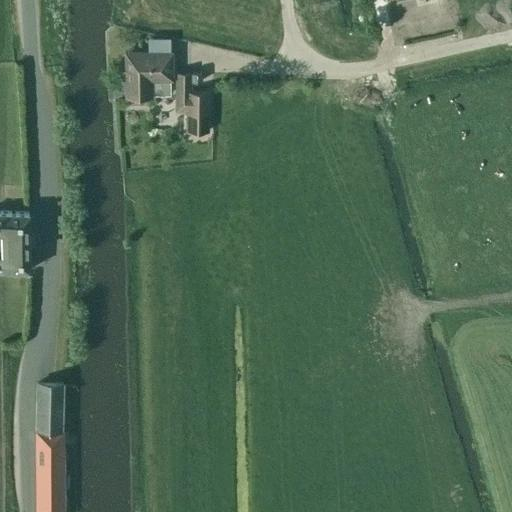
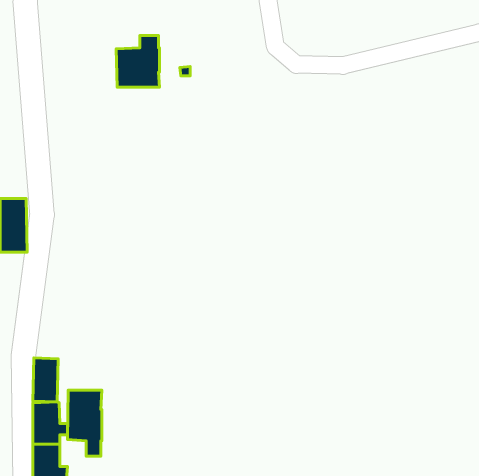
building: [176,74,208,134] -> none
building: none -> [67,390,102,456]

